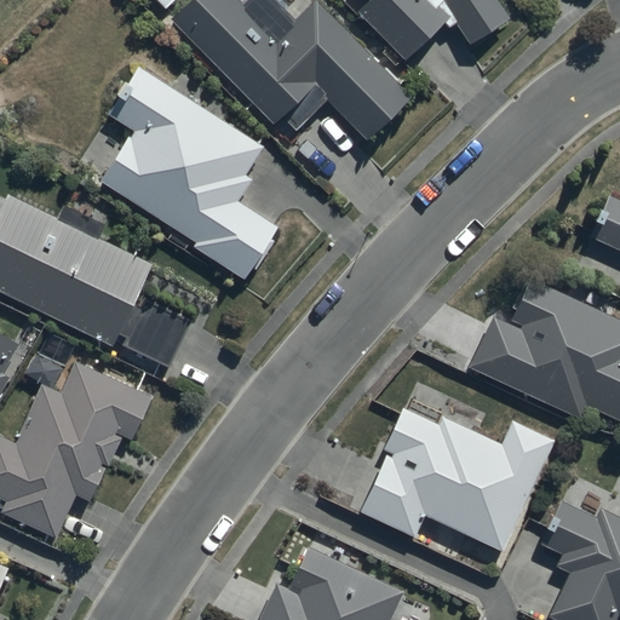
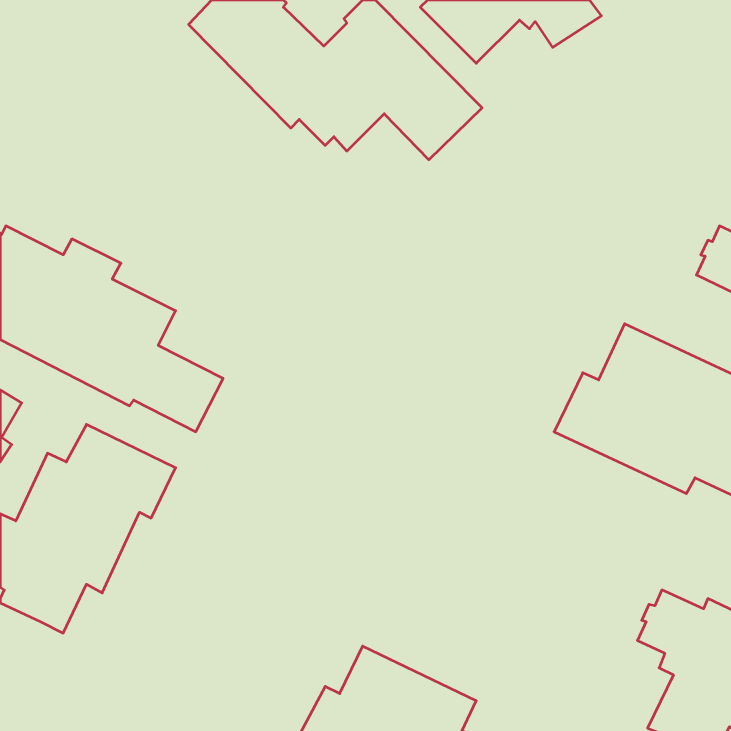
building: [84,67,276,277] -> none
building: [360,407,553,551] -> none

